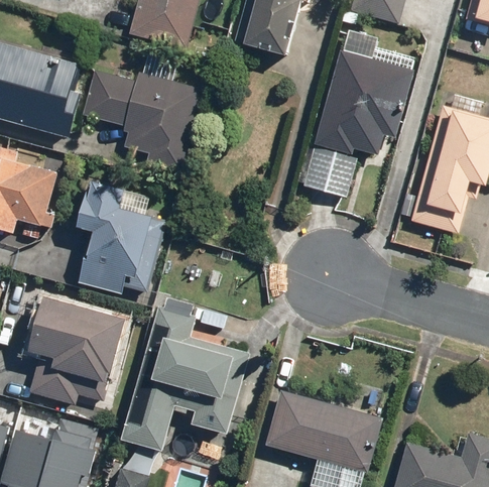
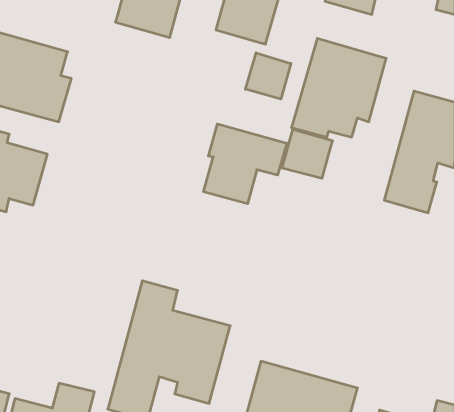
building: none -> [245,53,291,99]
building: [81,70,203,171] -> none
building: none -> [204,124,287,204]
building: [76,180,165,293] -> none
building: [31,301,126,397] -> none

